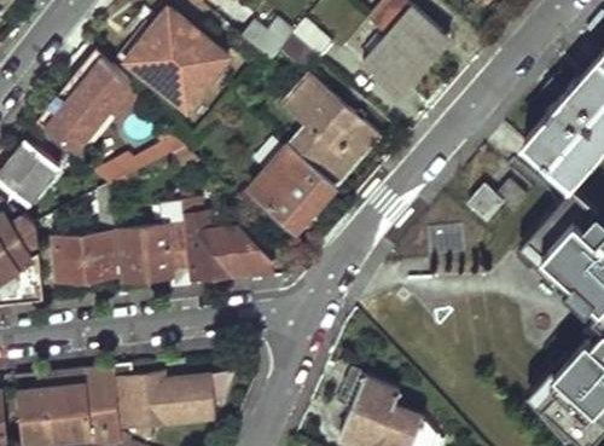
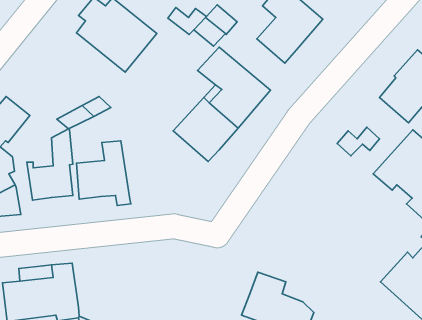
building: [36,65,120,152] -> none
building: [179,199,272,280] -> none
building: [114,364,221,425] -> none

